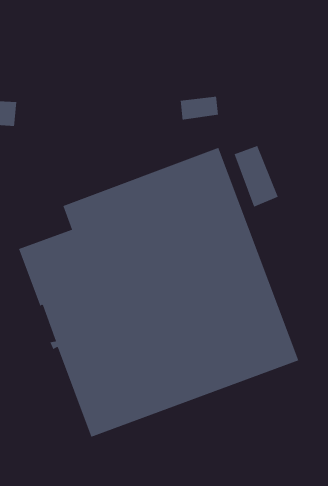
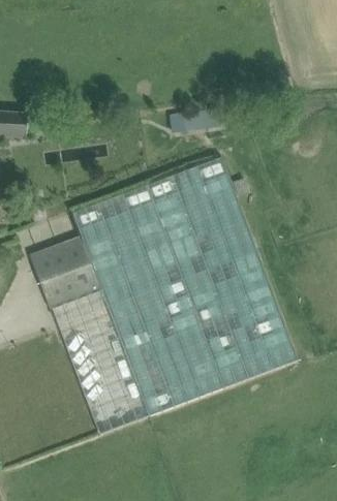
building: [234,145,278,208] -> none

